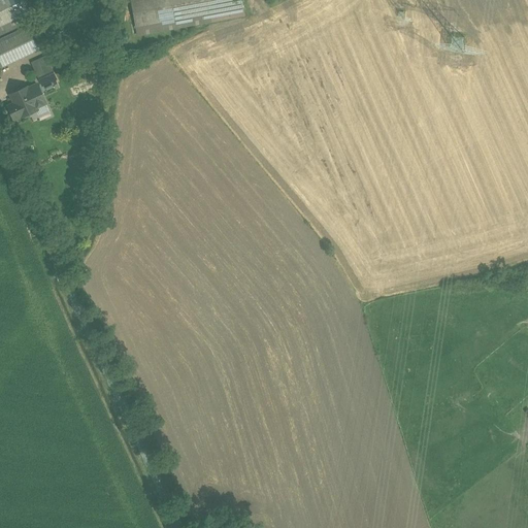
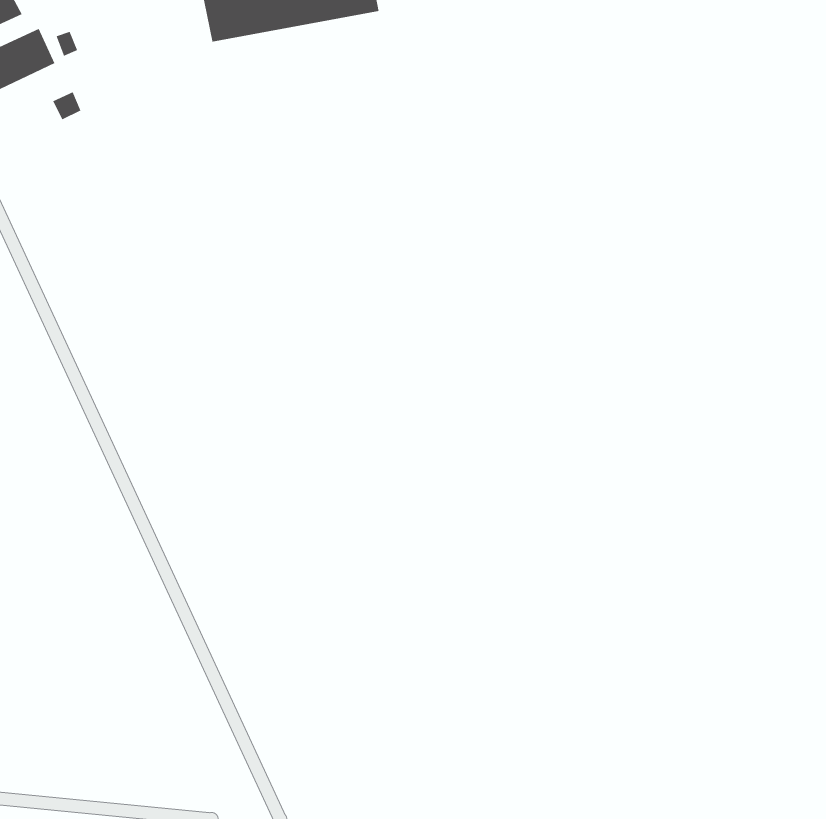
building: [7,75,42,111] -> none

